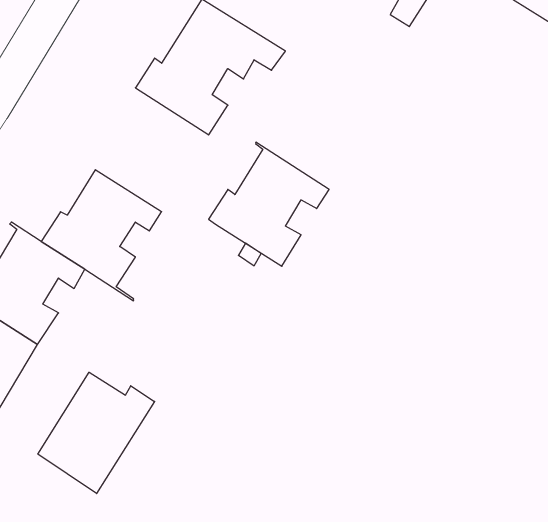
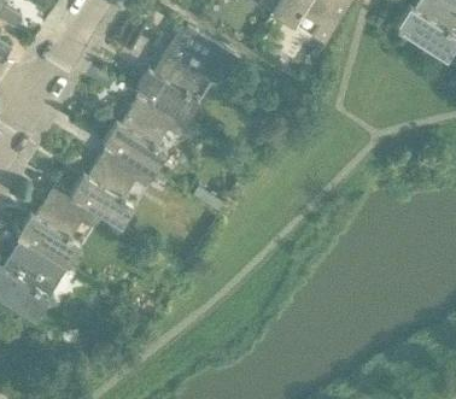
building: [209,142,329,266] -> [103,90,186,176]
building: [38,372,155,494] -> none

